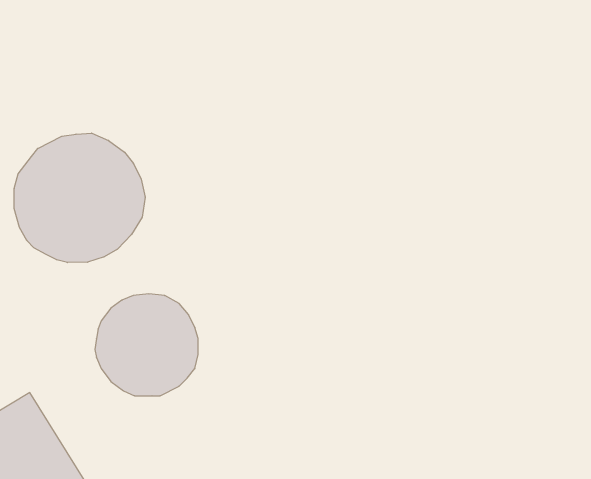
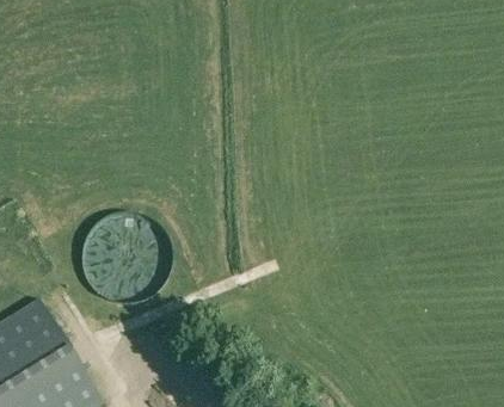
building: [14,133,145,263] -> none

